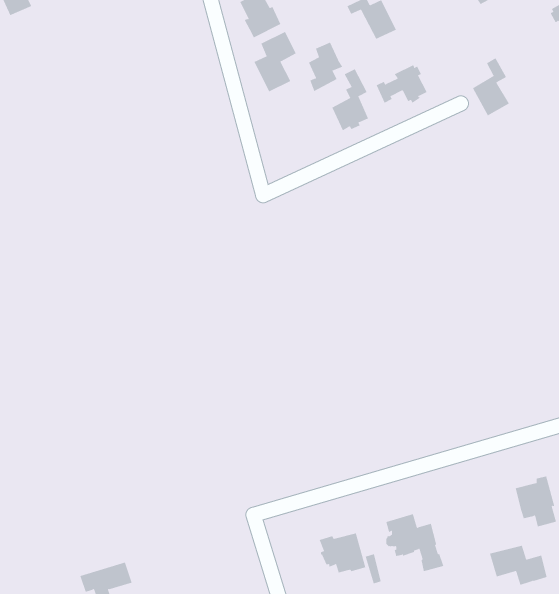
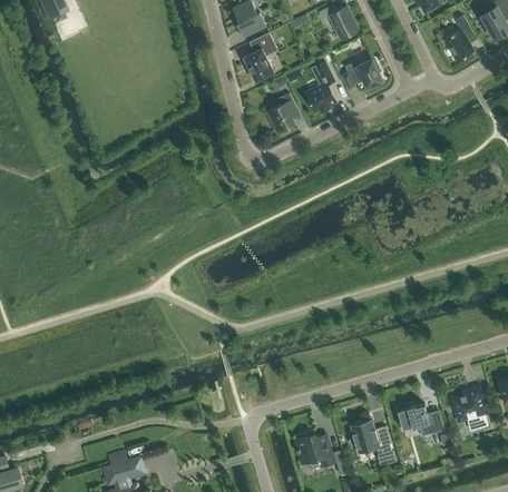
building: [308,42,343,92] -> [271,94,299,134]
building: [472,58,510,116] -> [443,14,473,61]
building: [489,545,548,586] -> [397,404,443,436]

